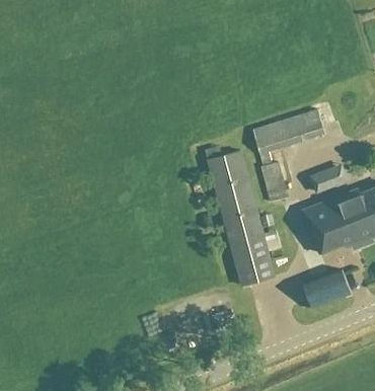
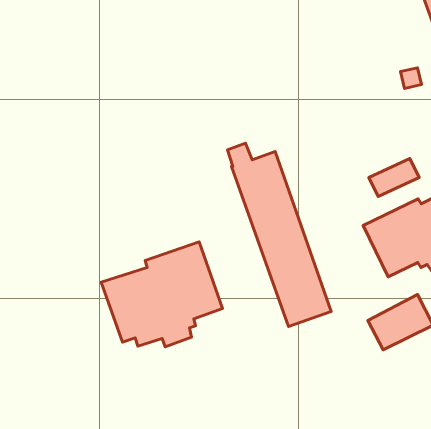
building: [252,108,325,201] -> none
building: none -> [101,242,223,347]

